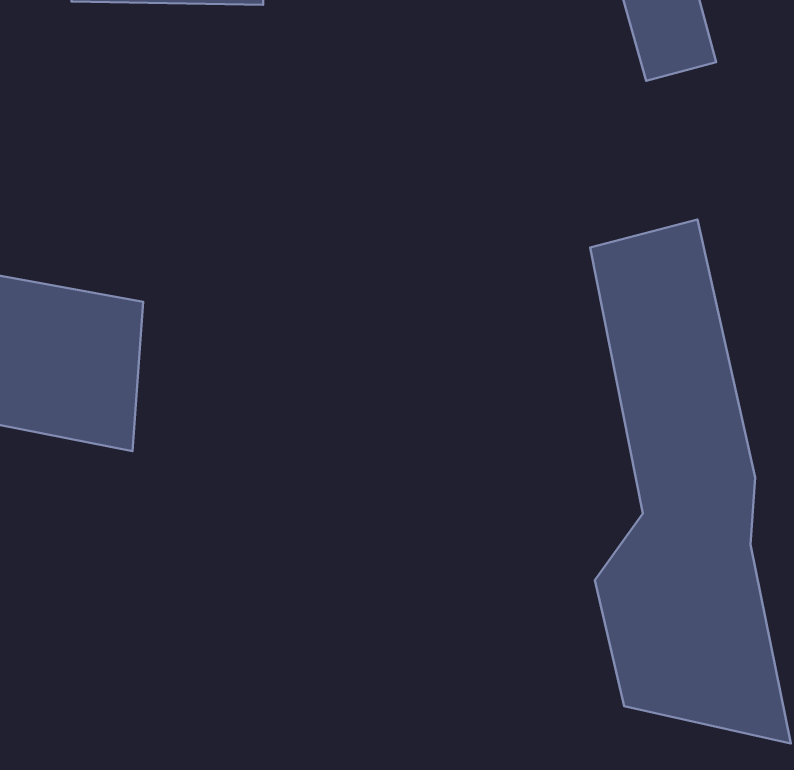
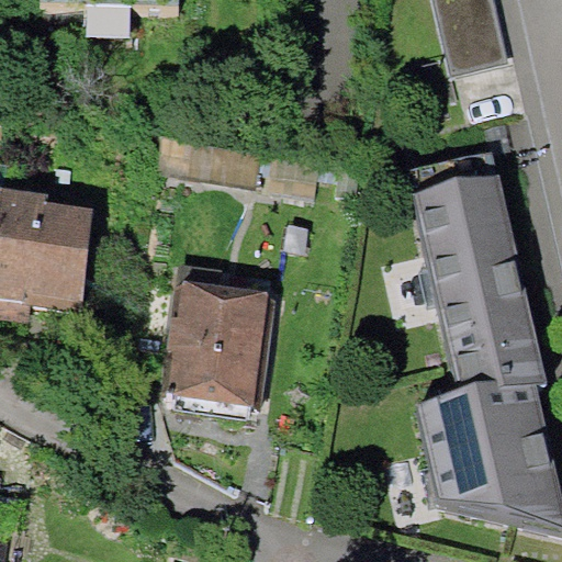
building: none -> [175,282,265,416]

